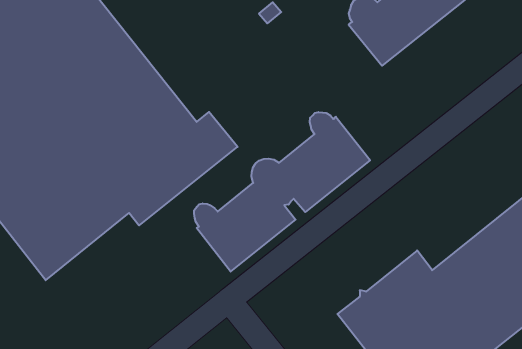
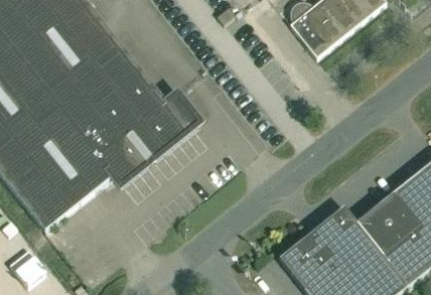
building: [194,112,370,272] -> none

